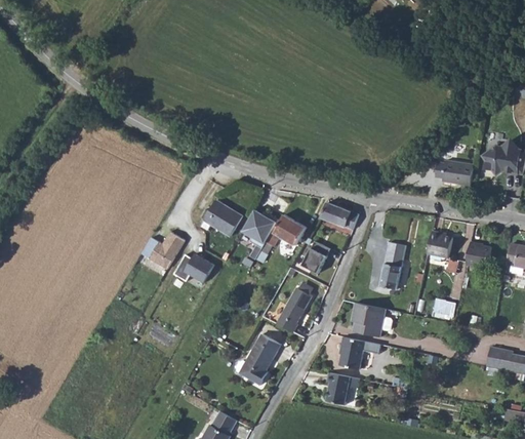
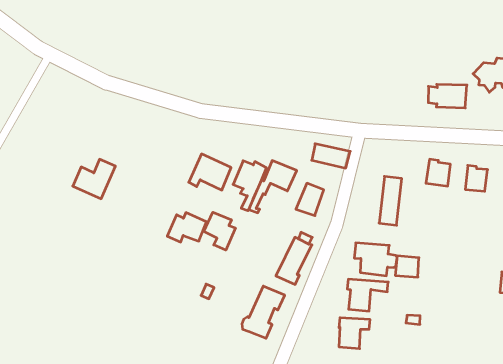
building: [139,231,183,269] -> [73,159,115,199]
building: none -> [204,212,235,250]
building: [432,296,456,319] -> [395,256,419,277]

